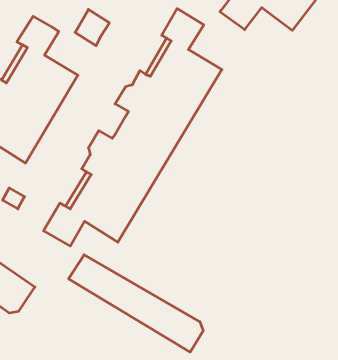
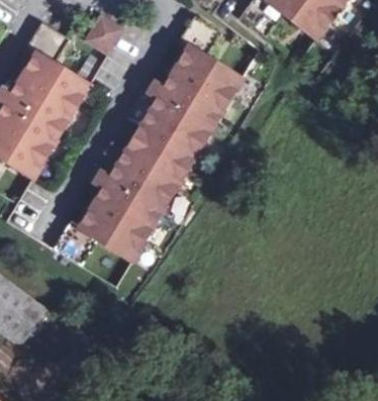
building: [69,255,203,352] -> none

